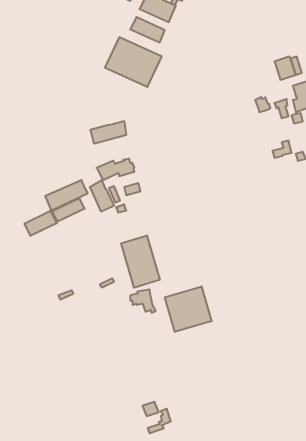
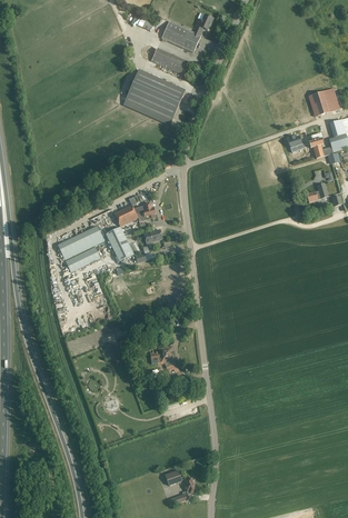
building: [90,121,126,144] -> none
building: [25,211,57,236] -> none
building: [121,235,160,288] -> none
building: [165,286,212,332] -> none

